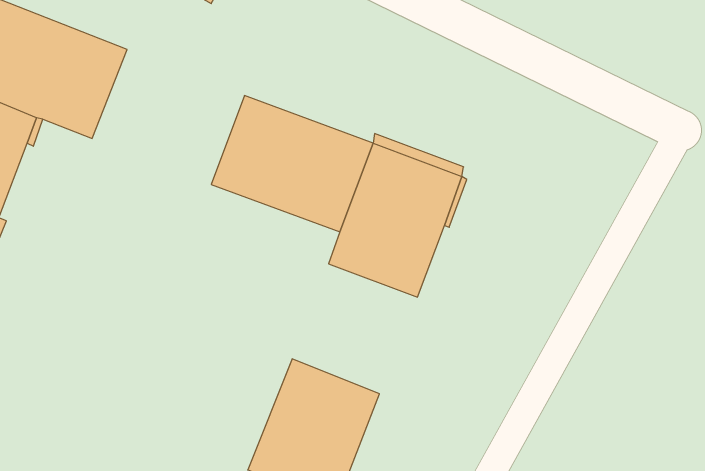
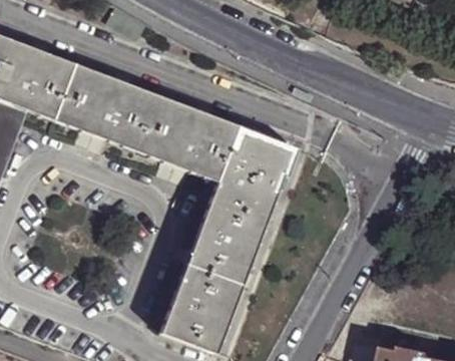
building: none -> [61,66,157,151]
building: none -> [187,202,267,284]

